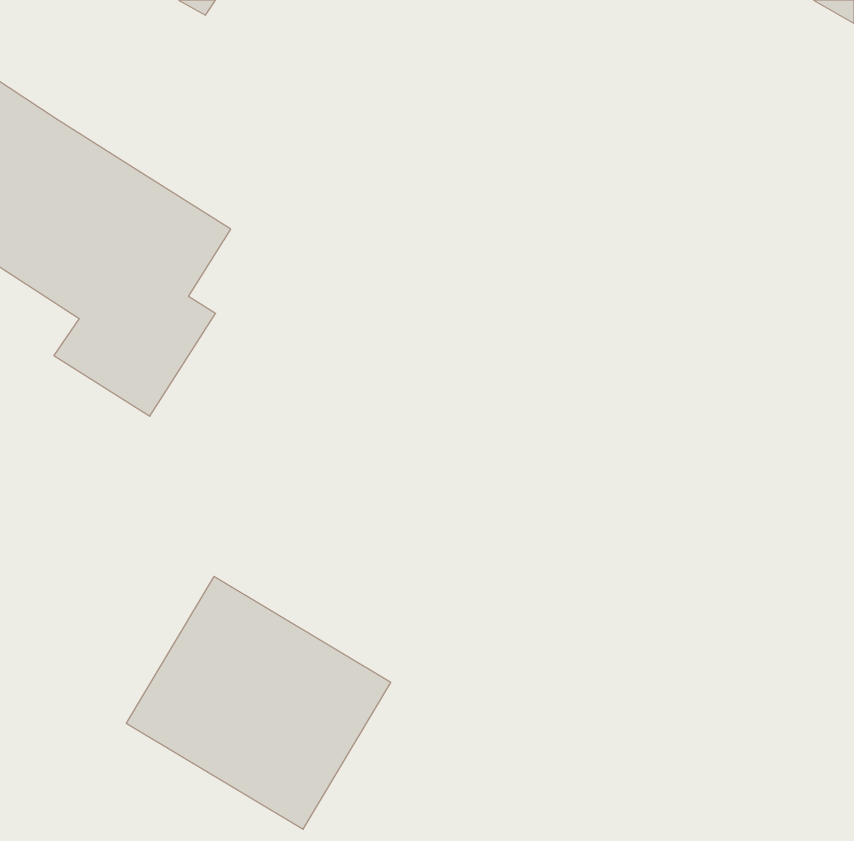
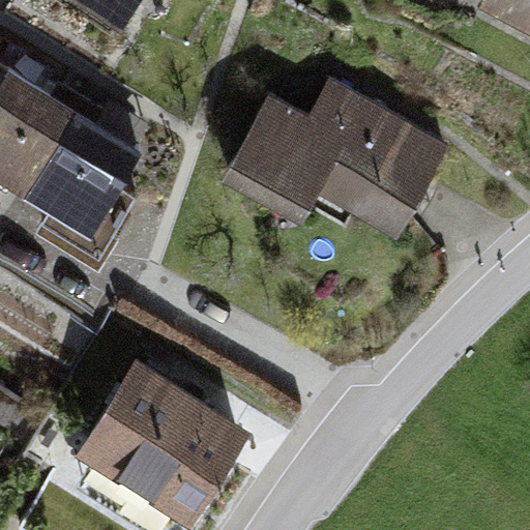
building: none -> [225,87,443,239]

